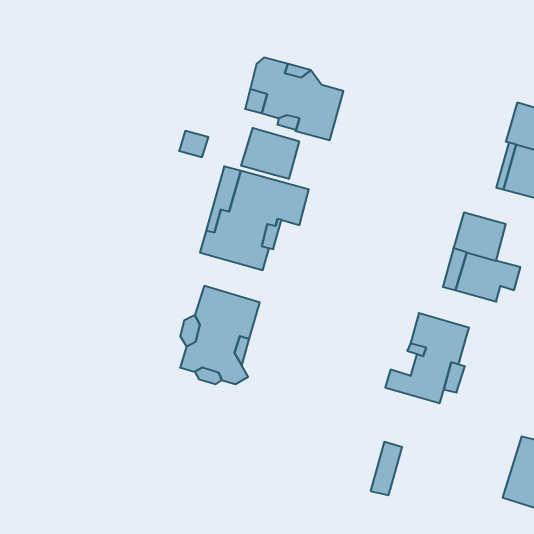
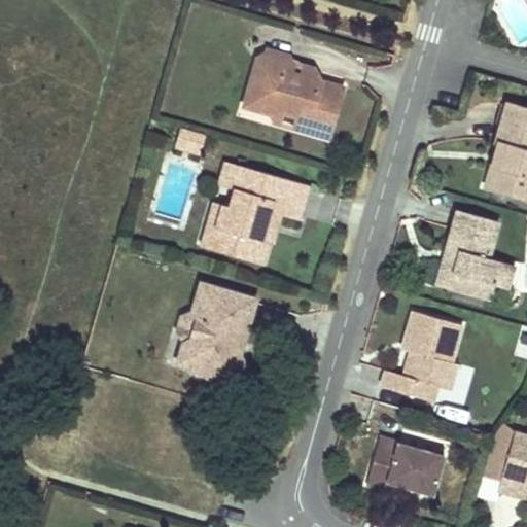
building: [241,128,299,179] -> none
building: none -> [385,440,443,493]

